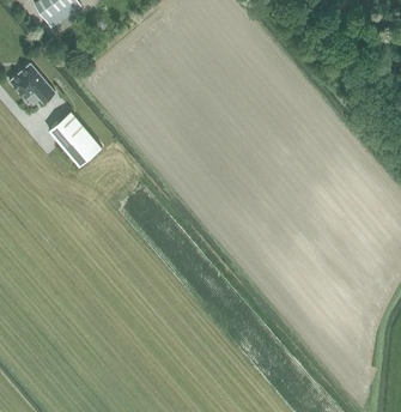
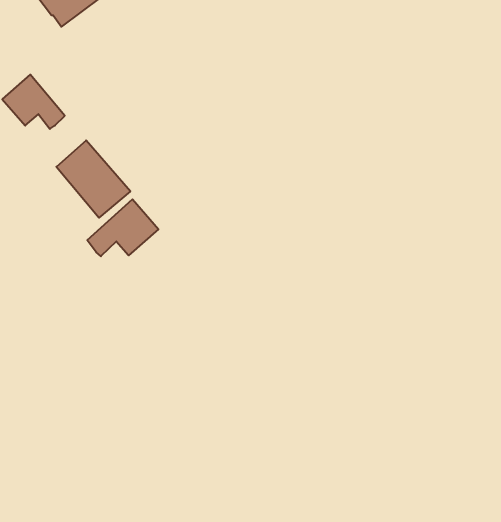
building: none -> [87,199,158,256]

